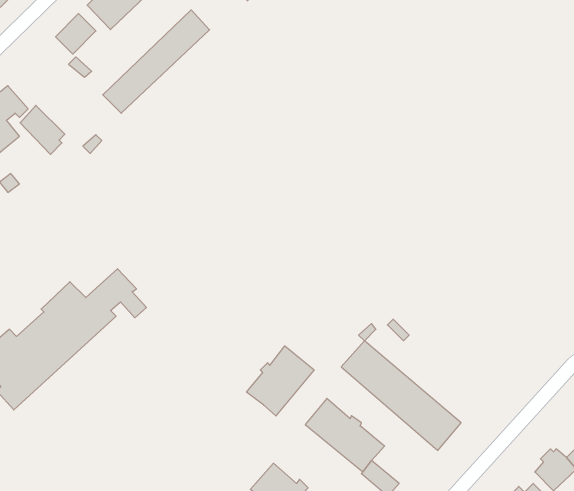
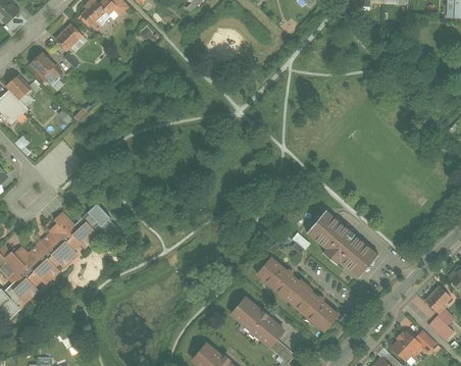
building: [103,10,210,113] -> none
building: [20,105,65,154] -> [30,51,61,86]
building: none -> [307,208,378,276]
building: [247,346,314,416] -> none

